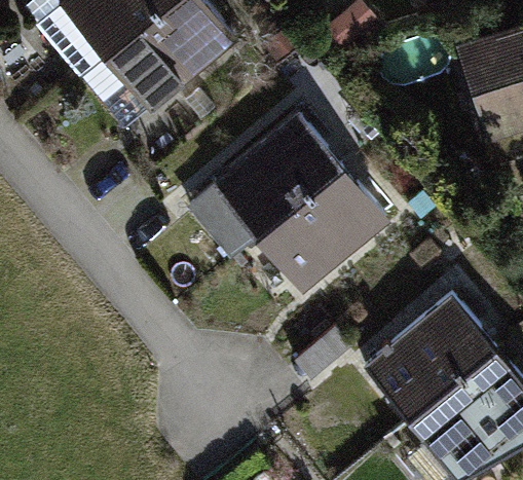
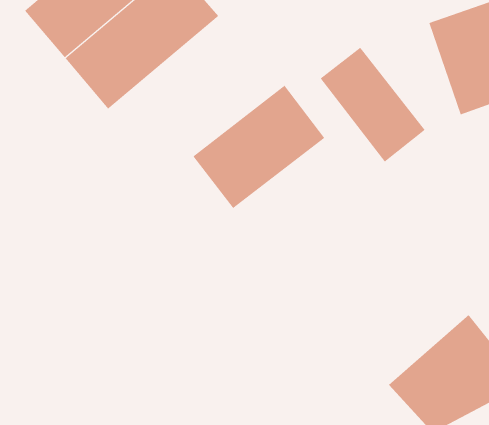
building: none -> [320,47,425,162]
building: [251,164,389,293] -> none
building: [362,290,497,422] -> none

